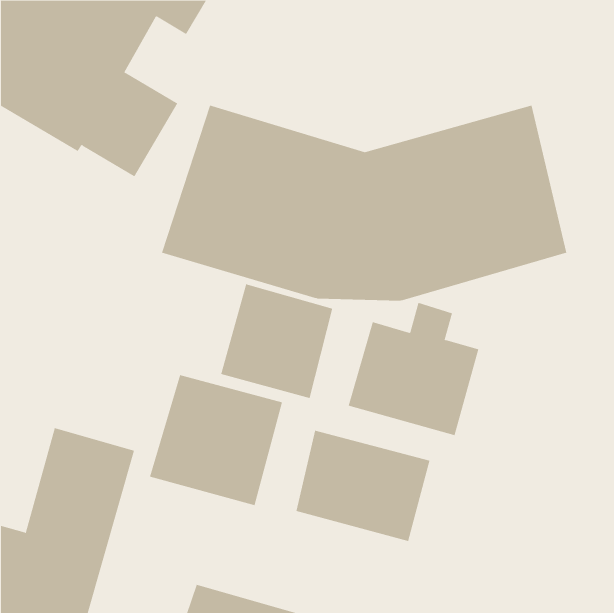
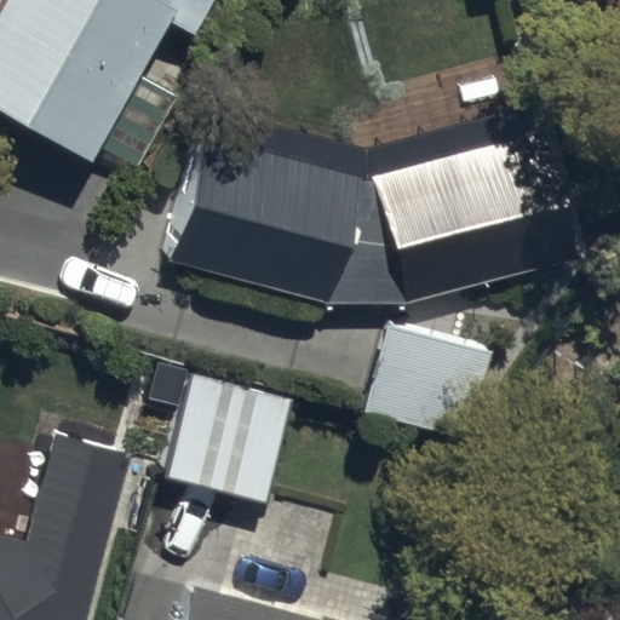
building: [220,284,333,399] -> none
building: [296,430,430,542] -> none

